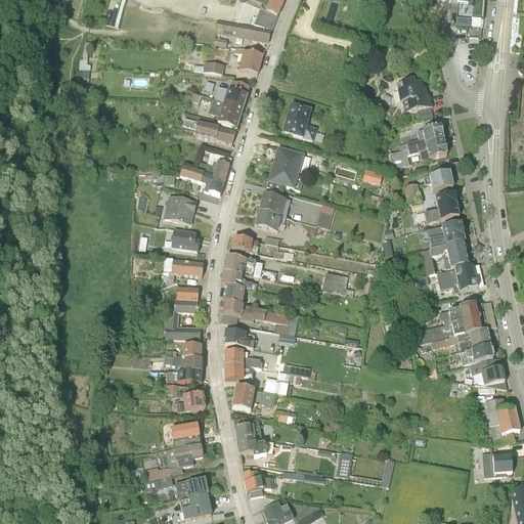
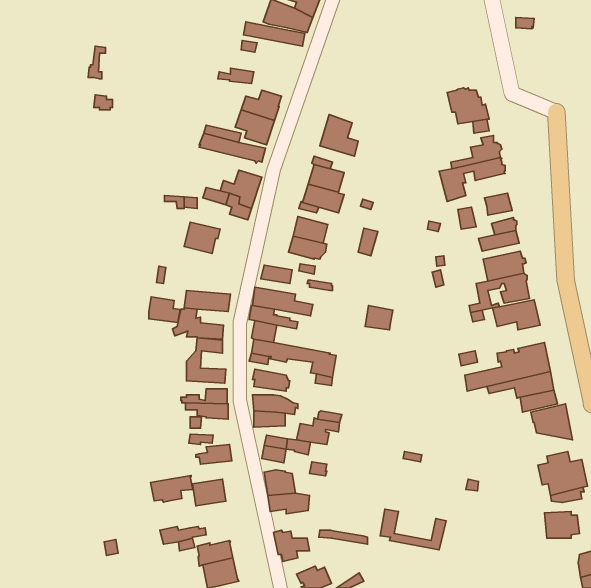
building: [234,46,263,73] -> none
building: [172,228,200,251] -> [149,297,180,322]
building: [166,444,203,468] -> [151,476,192,502]

